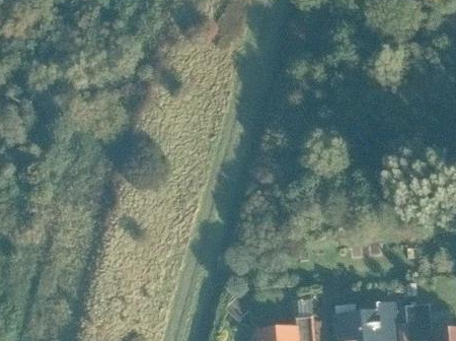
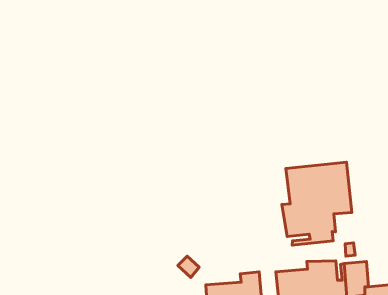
building: none -> [282,162,352,245]

